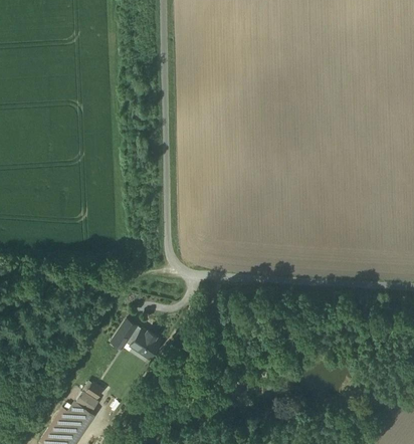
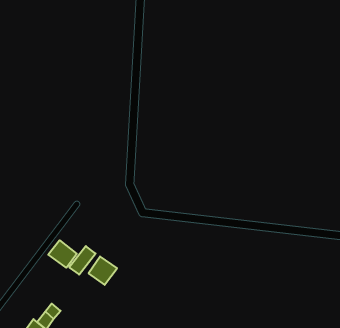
building: none -> [48,240,77,268]

